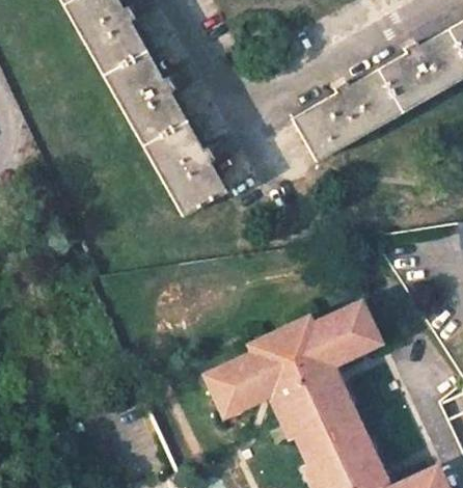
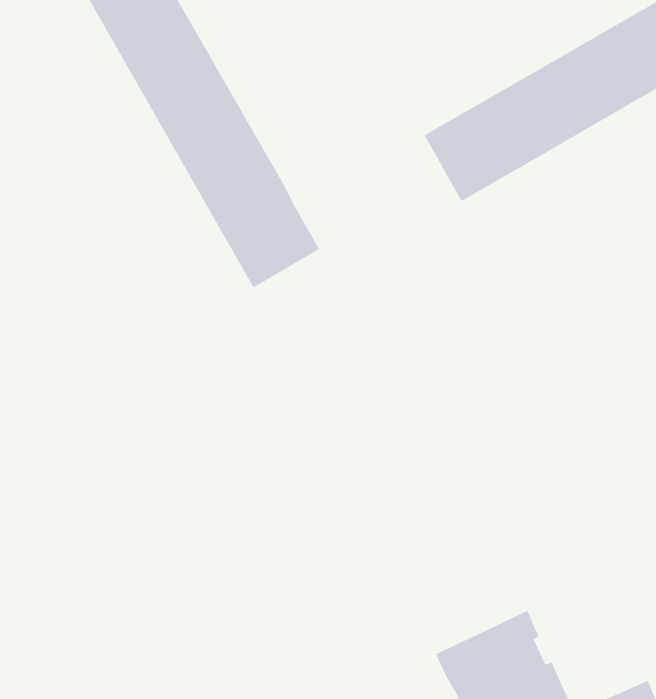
building: [203,299,377,450] -> none

